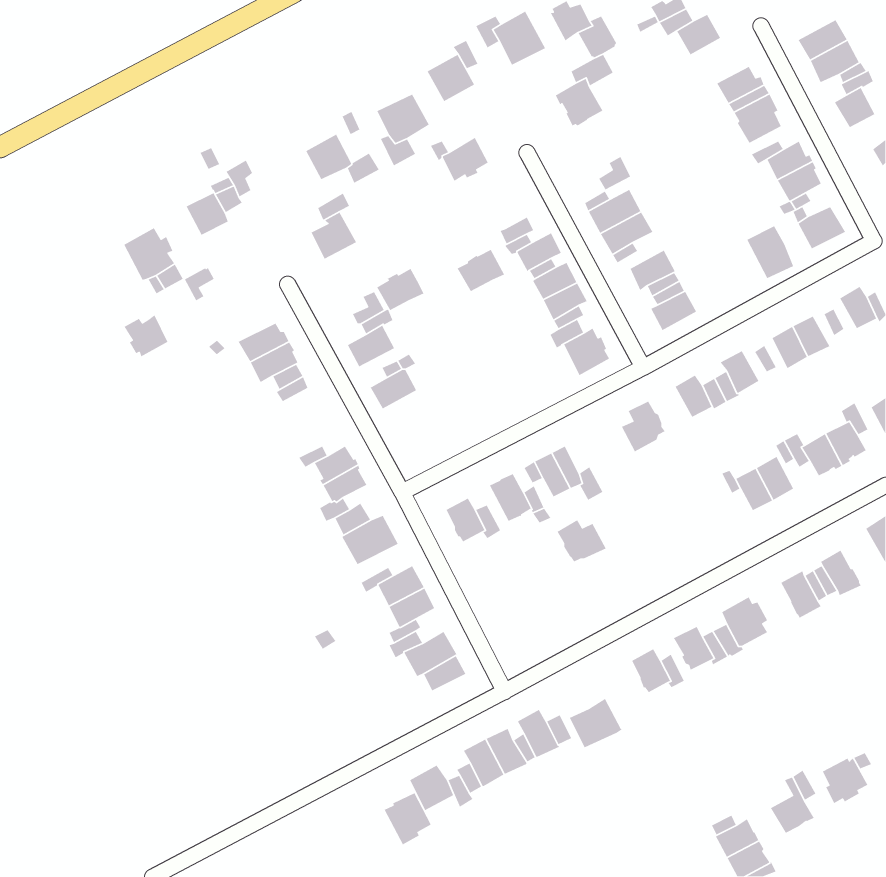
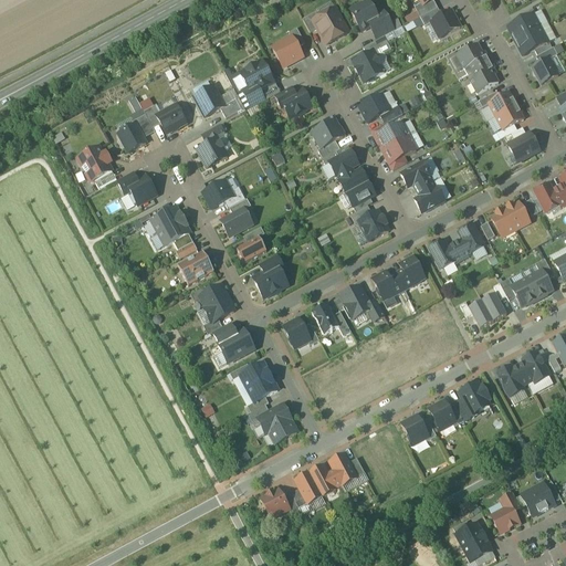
building: none -> [359,93,390,120]
building: none -> [157,103,186,132]
building: [746,225,794,279] -> none
building: [457,249,505,292] -> [313,118,344,146]
building: [376,268,425,311] -> [203,179,234,207]
building: [124,314,169,358] -> [127,176,156,203]
building: none -> [178,250,214,283]
building: none -> [253,253,286,296]
building: [557,519,607,563] -> [373,270,405,297]
building: [569,698,630,749] -> none
building: [384,792,432,845] -> none

